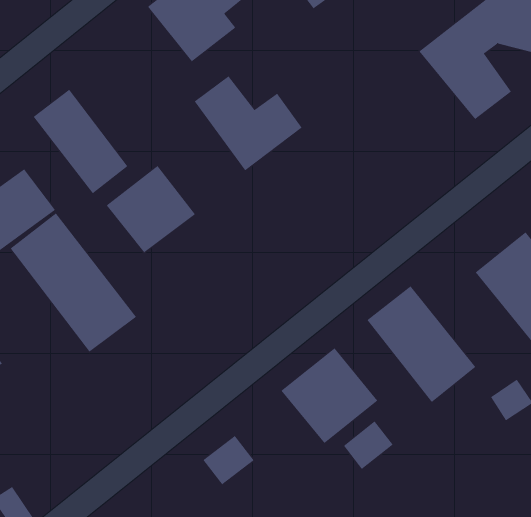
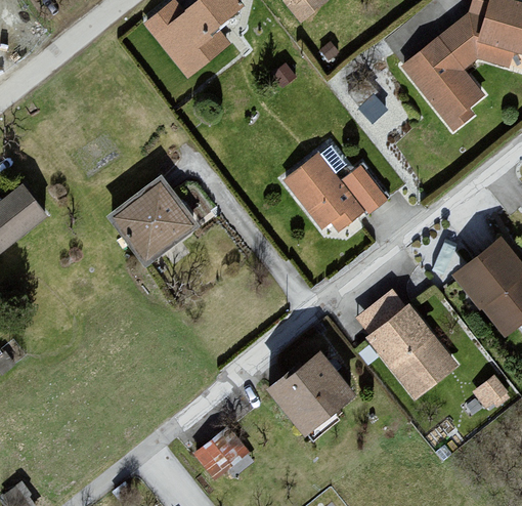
building: [194,76,303,171] -> [282,151,385,241]
building: [33,89,128,194] -> none
building: [10,212,137,353] -> none
building: [343,421,393,470] -> none

